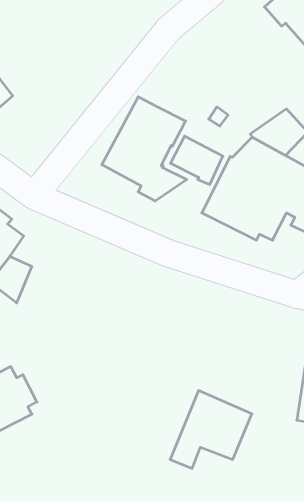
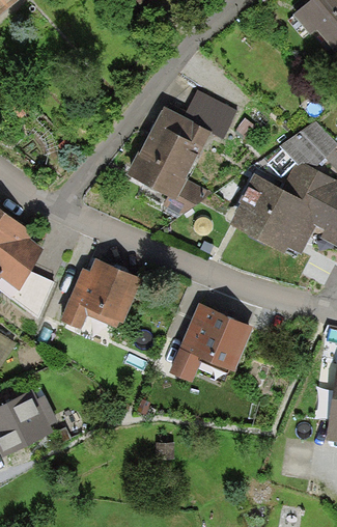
building: [170,136,223,185] -> [182,89,236,139]
building: none -> [60,258,142,330]
building: [170,391,252,468] -> [169,303,253,383]

